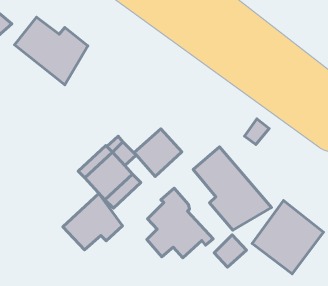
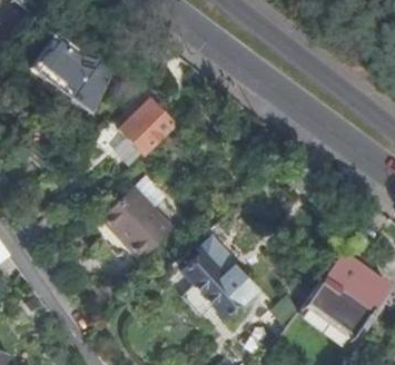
building: [134,129,182,176] -> [120,100,176,156]
building: [193,147,272,230] -> none
building: [63,193,122,250] -> none

